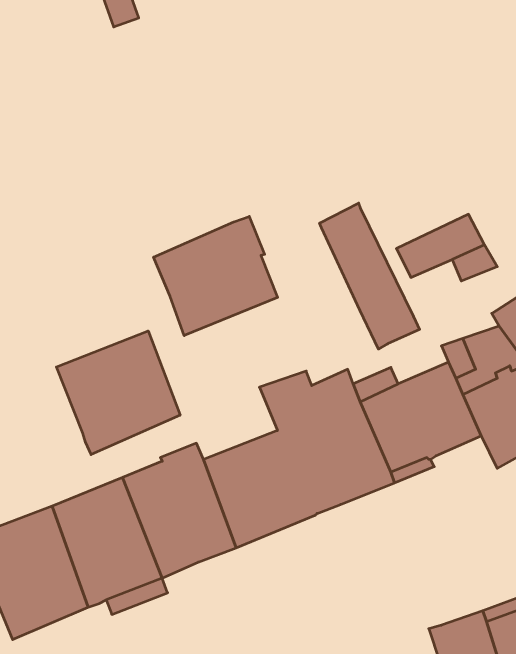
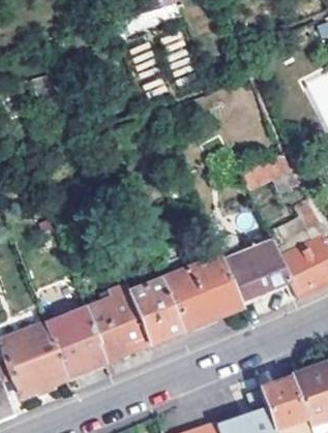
building: [320,203,420,349] -> none
building: [154,216,278,336] -> none
building: [56,331,180,455] -> none

